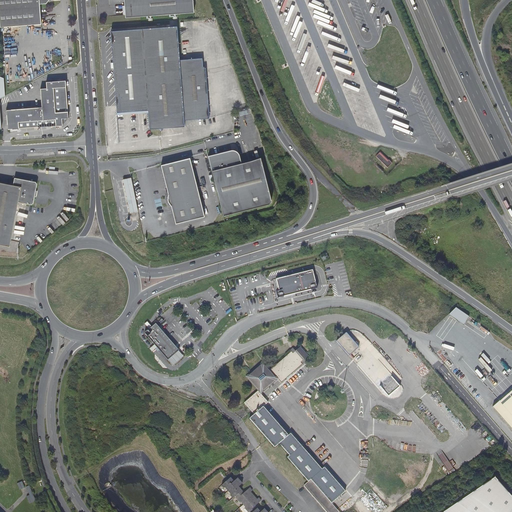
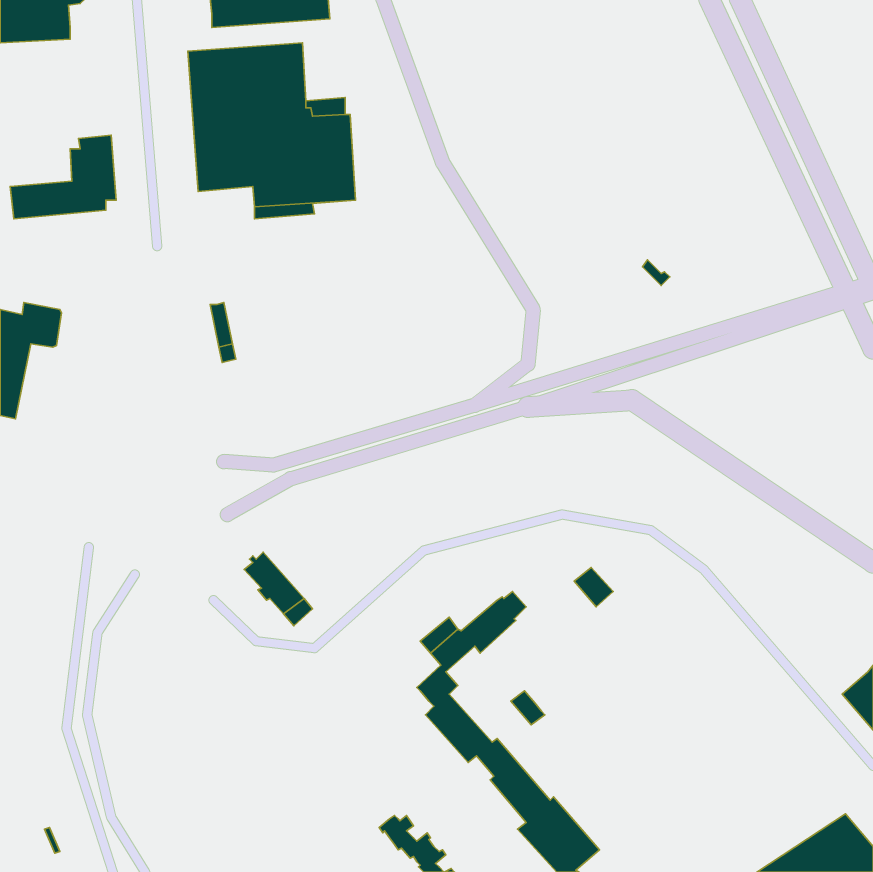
building: [208,151,272,214] -> none
building: [161,156,205,222] -> none
building: [276,269,317,297] -> none

